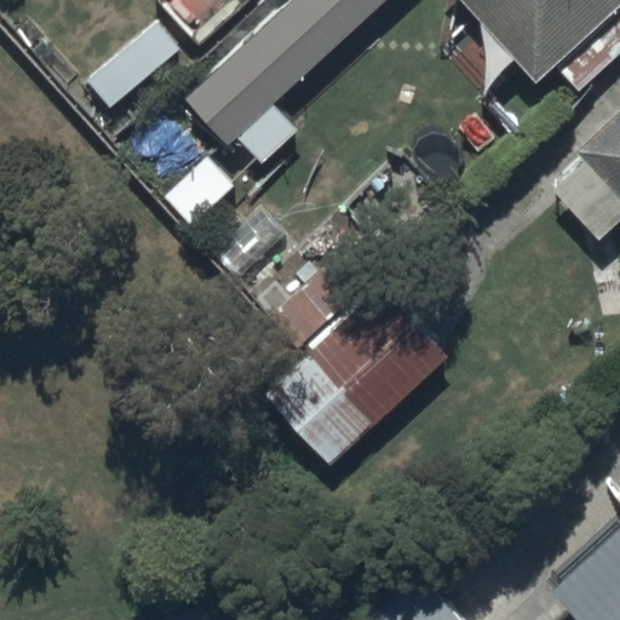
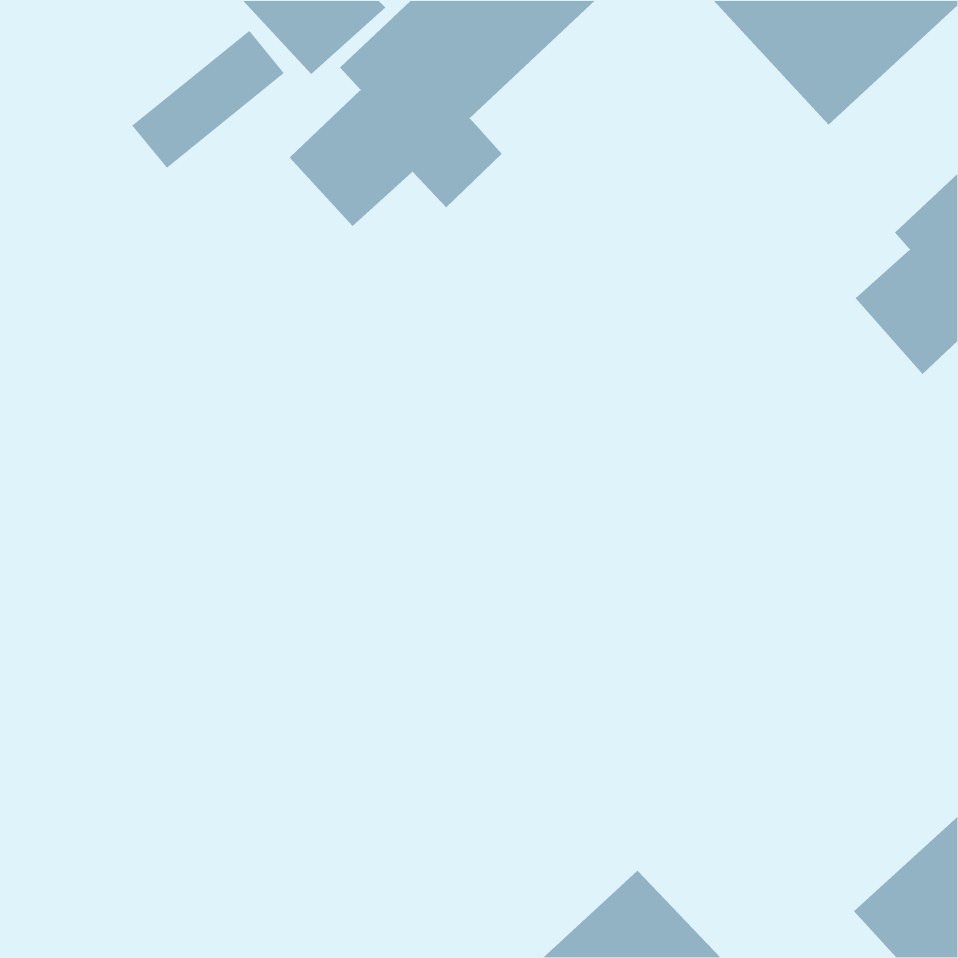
building: [280,281,446,447] -> none

